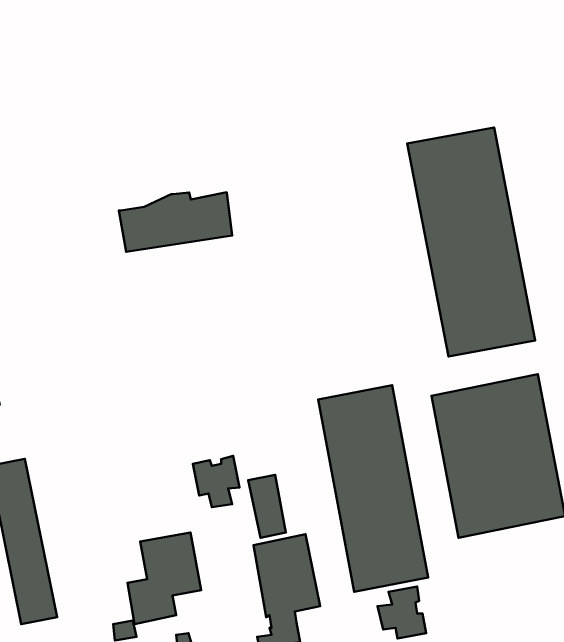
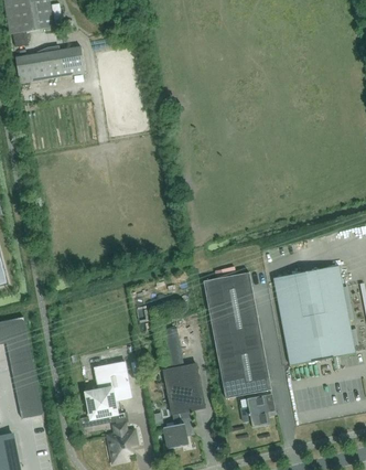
building: [407,127,535,357] -> none
building: [119,192,232,252] -> [14,46,84,83]
building: [193,456,240,507] -> none

